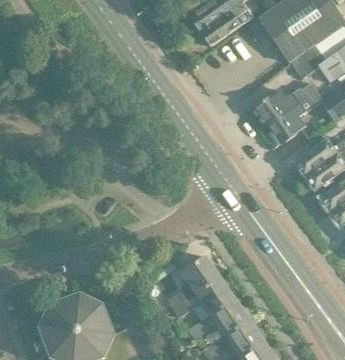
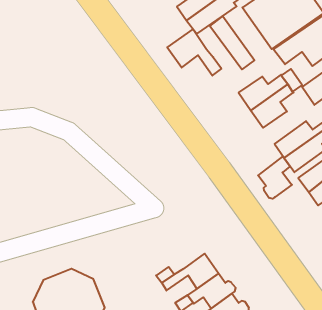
building: none -> [210,16,254,69]
building: none -> [167,29,221,76]
building: none -> [258,156,292,199]
building: [182,255,219,293] -> none

